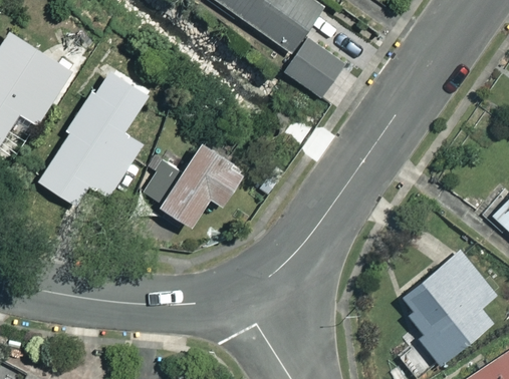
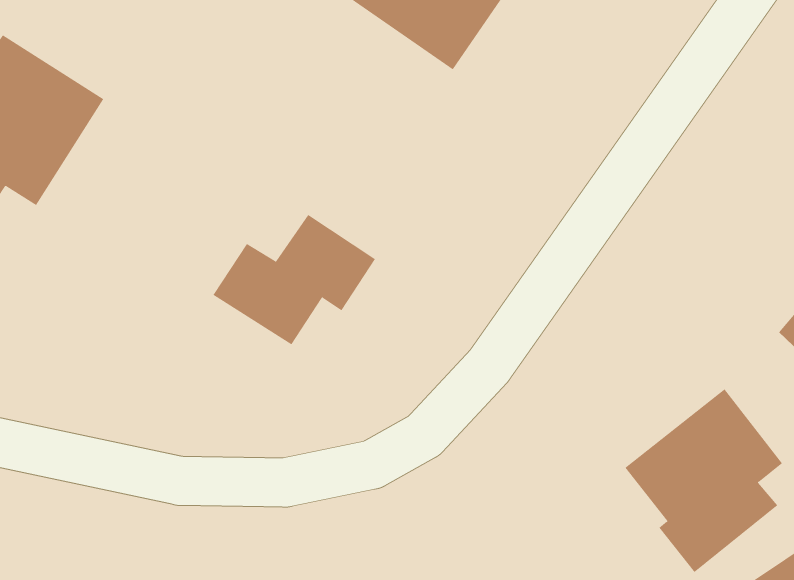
building: [283,37,346,101] -> none
building: [39,70,151,204] -> none

